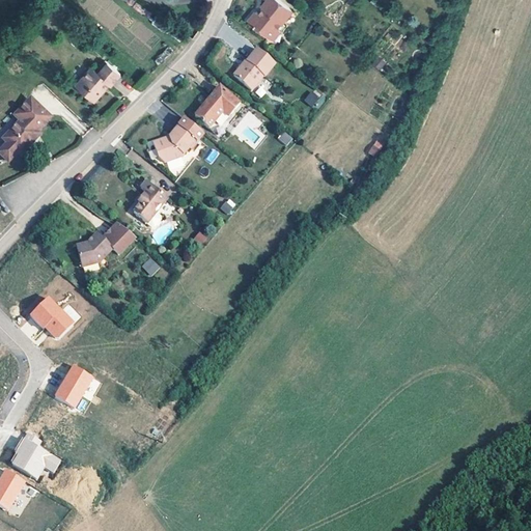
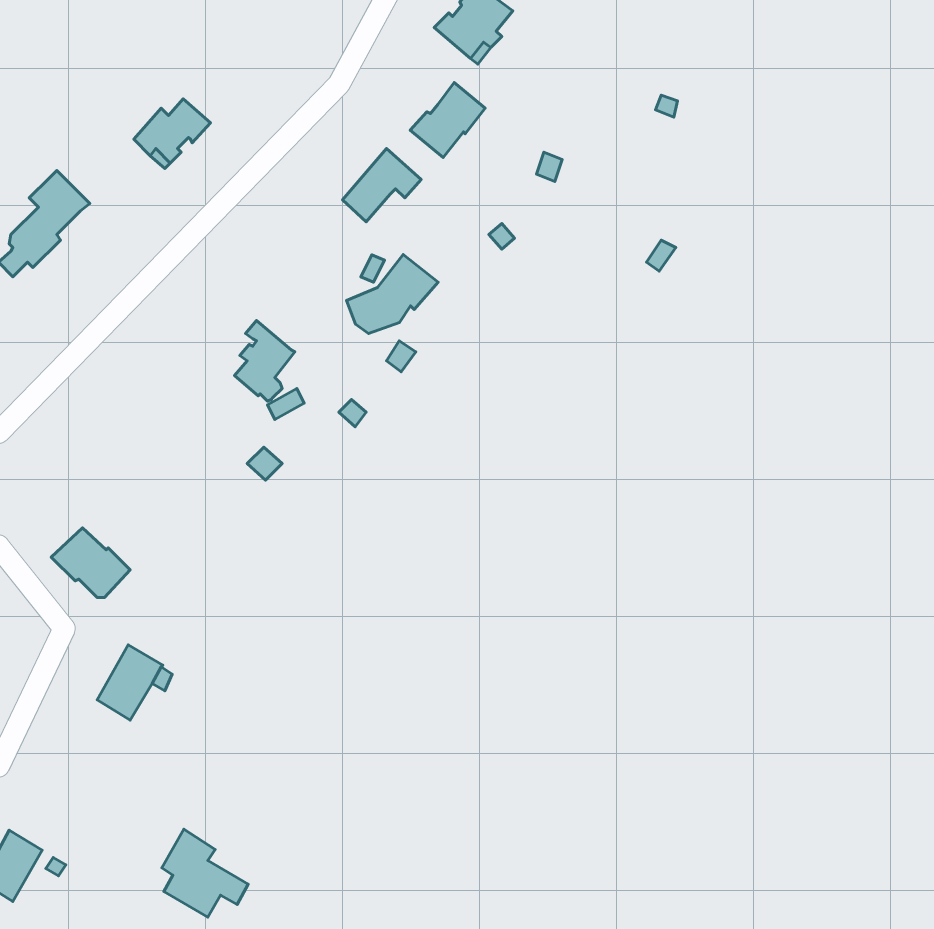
building: [150,115,202,160] -> [347,255,438,333]
building: [76,222,136,267] -> none
building: [16,431,64,481] -> [162,829,248,917]

